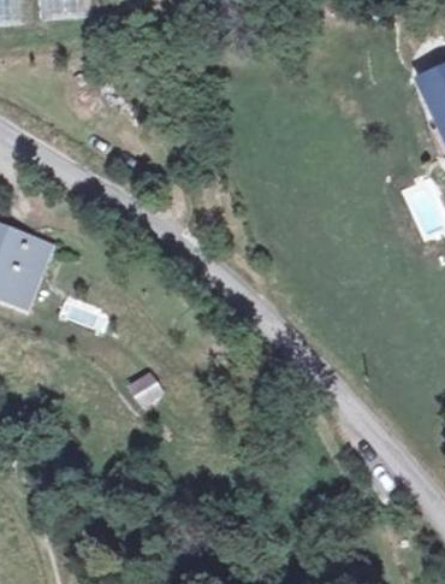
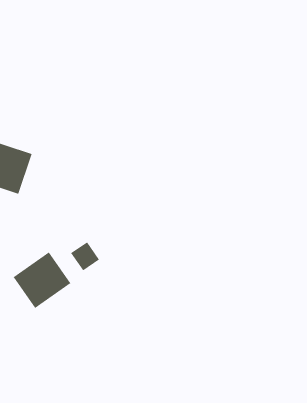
building: none -> [13,252,71,309]

